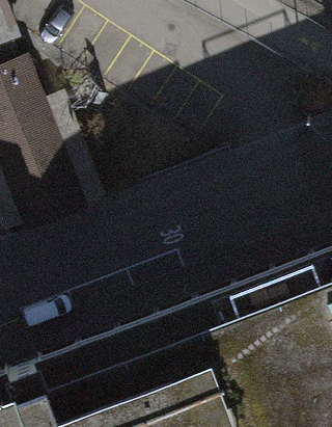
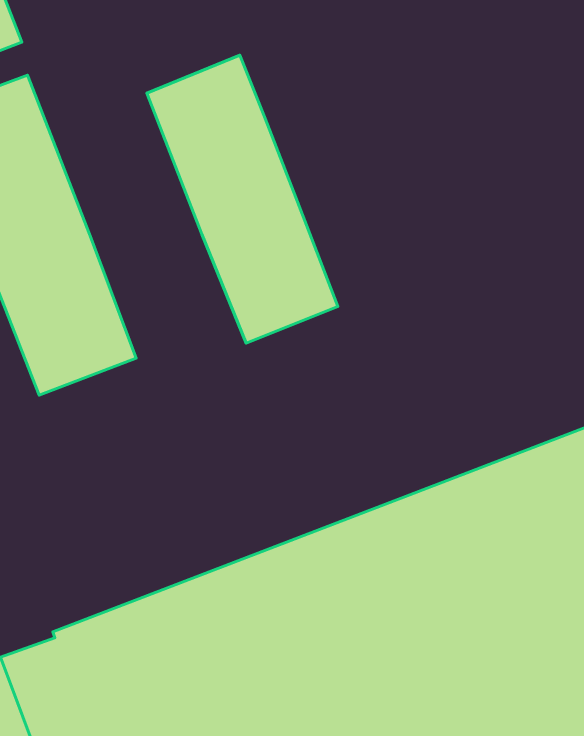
building: none -> [147,55,338,343]

